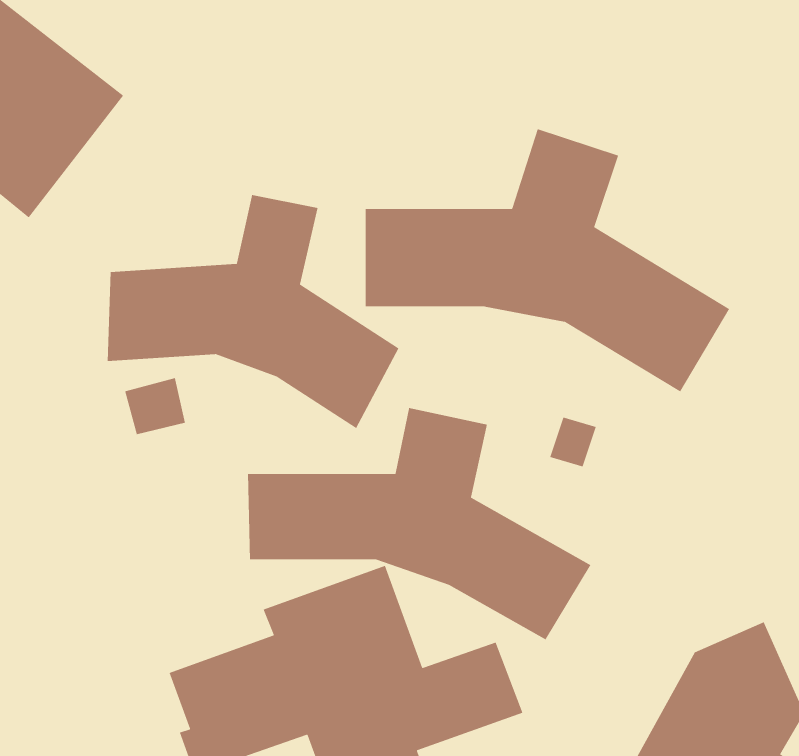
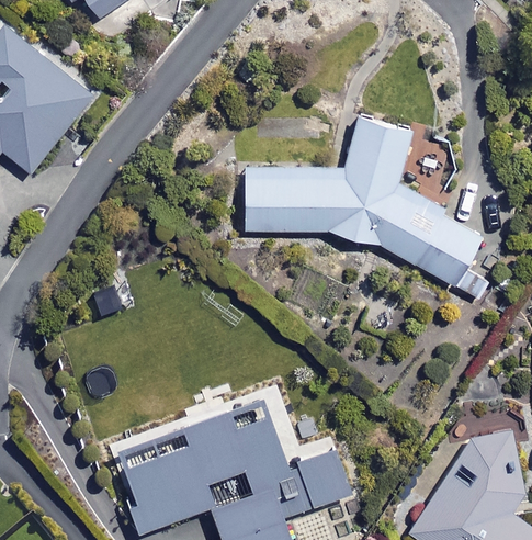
building: [107,194,399,429] -> none
building: [247,407,591,640] -> none

